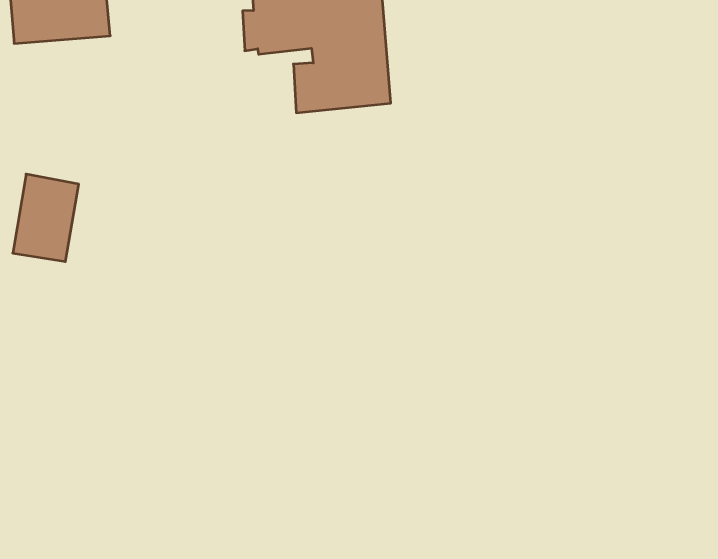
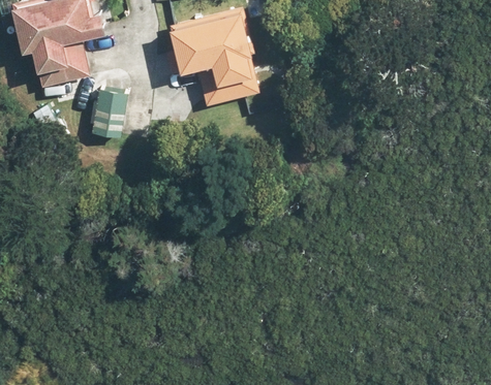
building: [13,174,79,262] -> [94,90,127,137]

